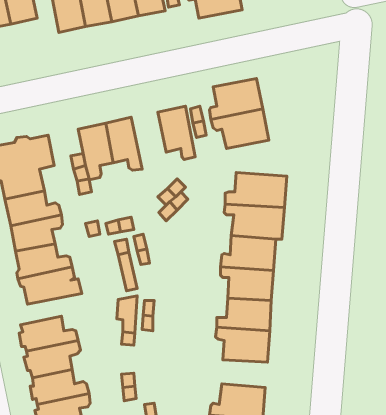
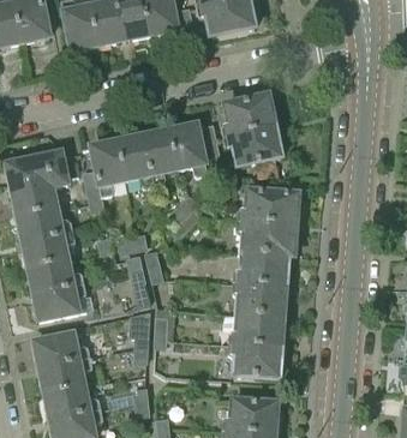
building: none -> [144,128,179,185]

